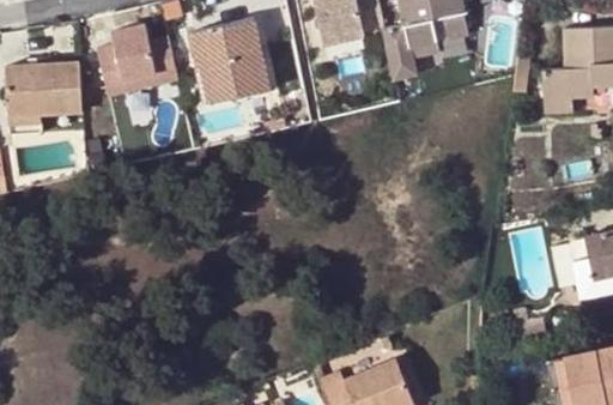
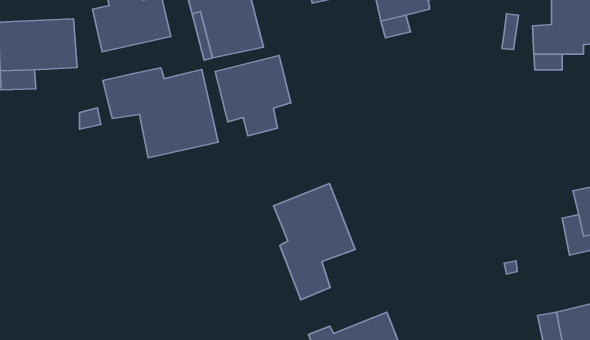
building: none -> [215,55,291,136]
building: none -> [103,68,218,158]
building: none -> [274,183,355,300]

